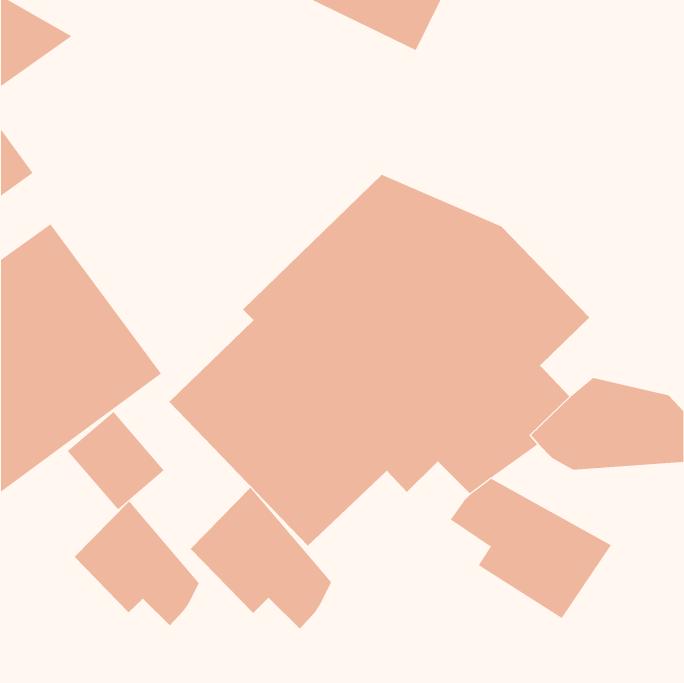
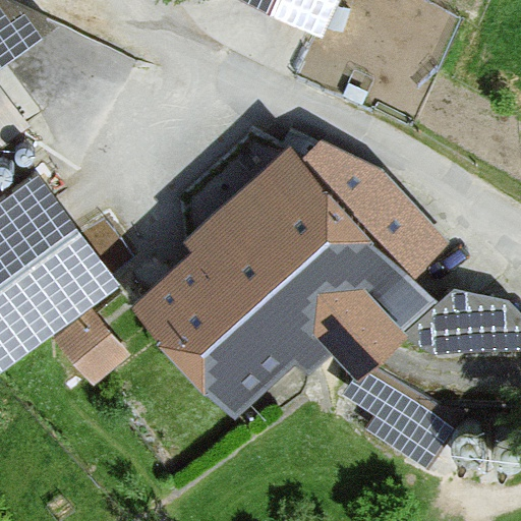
building: [190,487,332,629] -> none
building: [74,500,199,626] -> none

